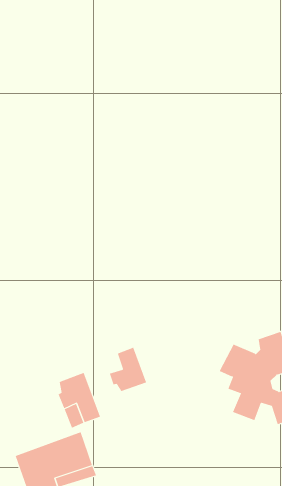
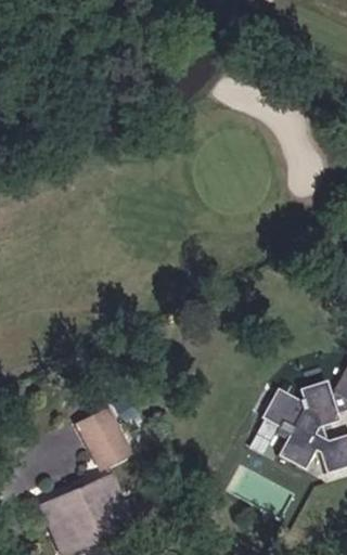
building: [109,347,147,392] -> none

